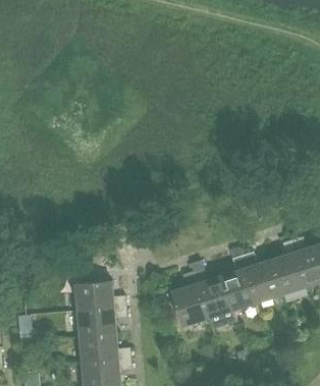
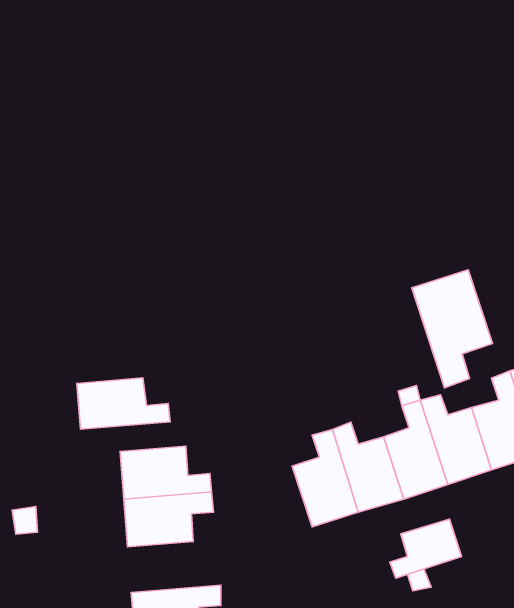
building: none -> [412,270,492,388]
building: none -> [390,519,461,578]
building: [78,335,130,364] -> [77,378,170,429]

